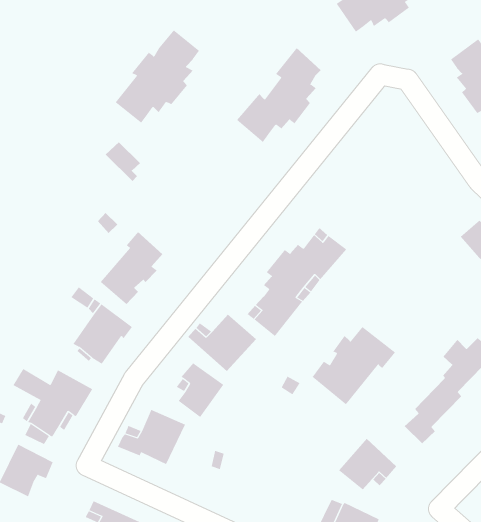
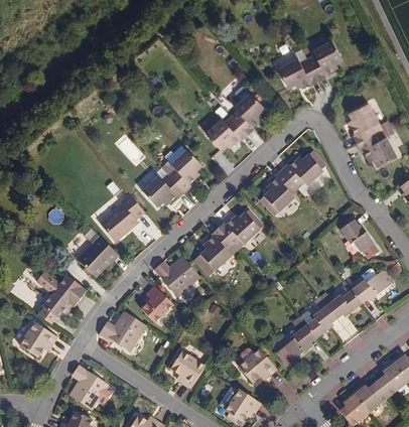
building: [115,30,200,123] -> [143,150,202,207]
building: none -> [263,155,325,217]
building: [312,326,396,405] -> none
building: none -> [170,348,207,387]

